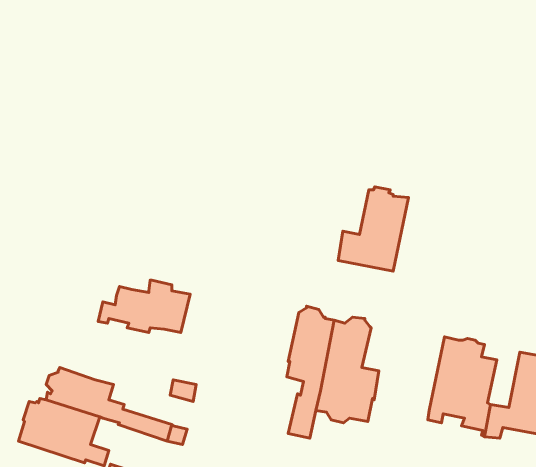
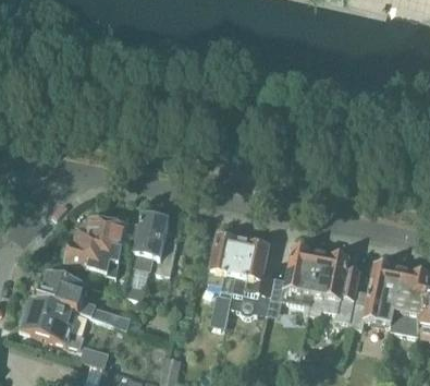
building: [338,187,409,271] -> [271,246,321,306]
building: none -> [131,216,176,274]
building: none -> [64,241,122,281]

